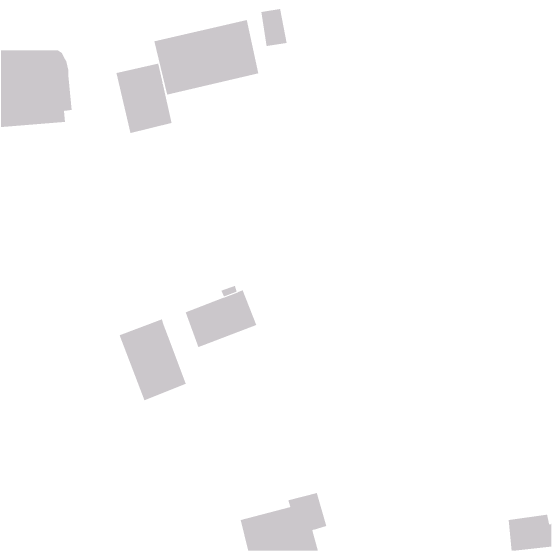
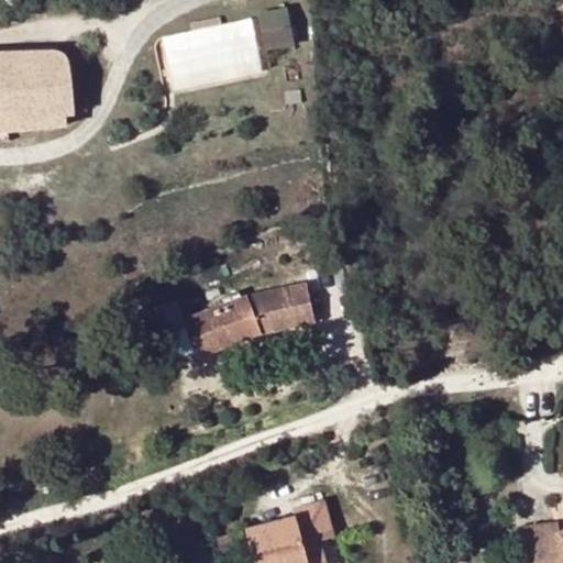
building: [116,63,172,134] -> none
building: none -> [247,285,314,331]
building: [119,319,187,401] -> none

